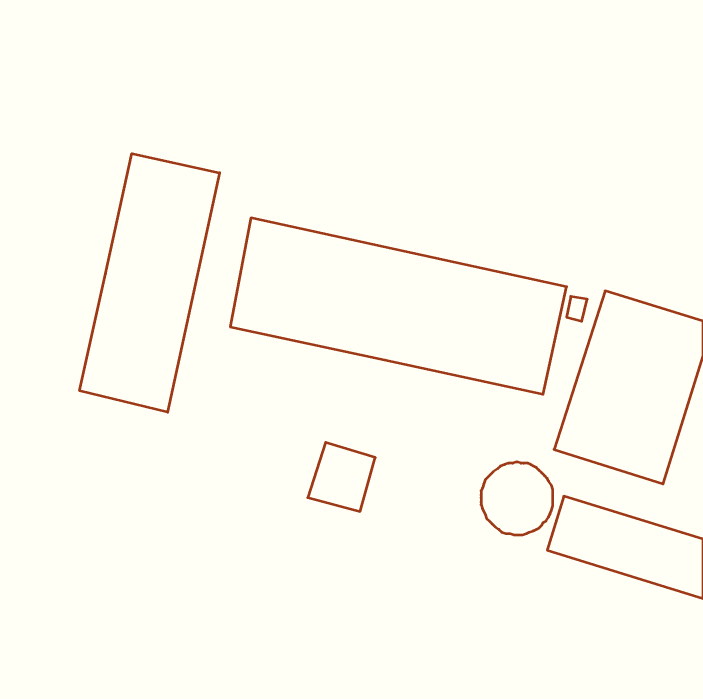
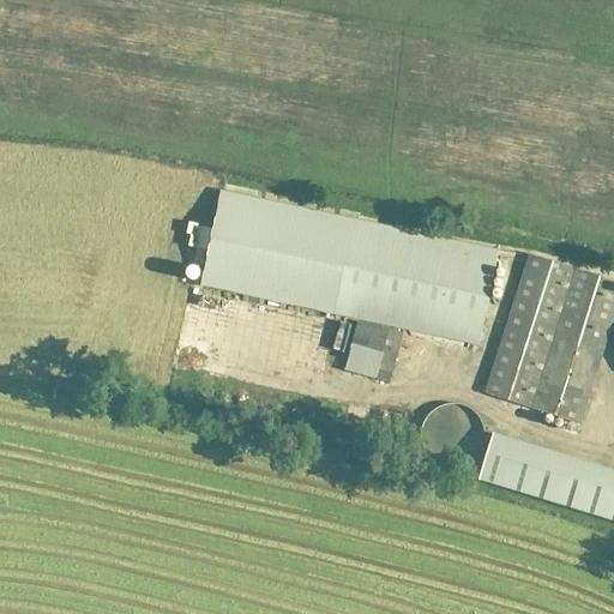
building: [80,154,220,412] -> none
building: [308,442,375,511] -> [341,320,399,380]

